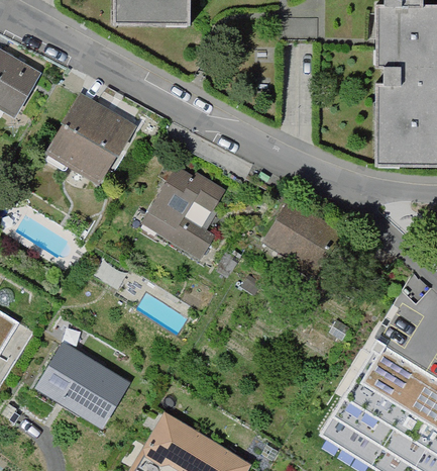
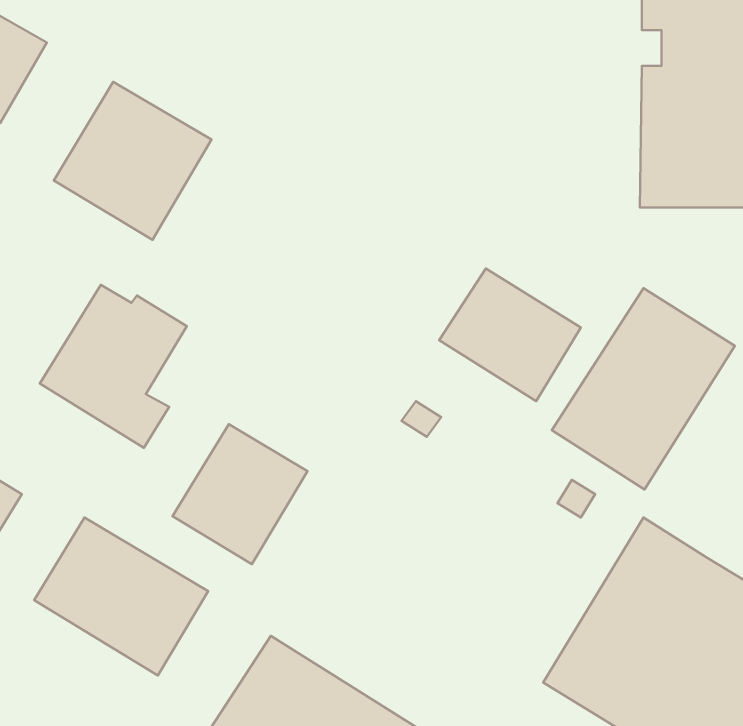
building: [142,167,225,259] -> [40,285,187,448]
building: none -> [552,288,735,490]
building: none -> [172,424,308,564]

